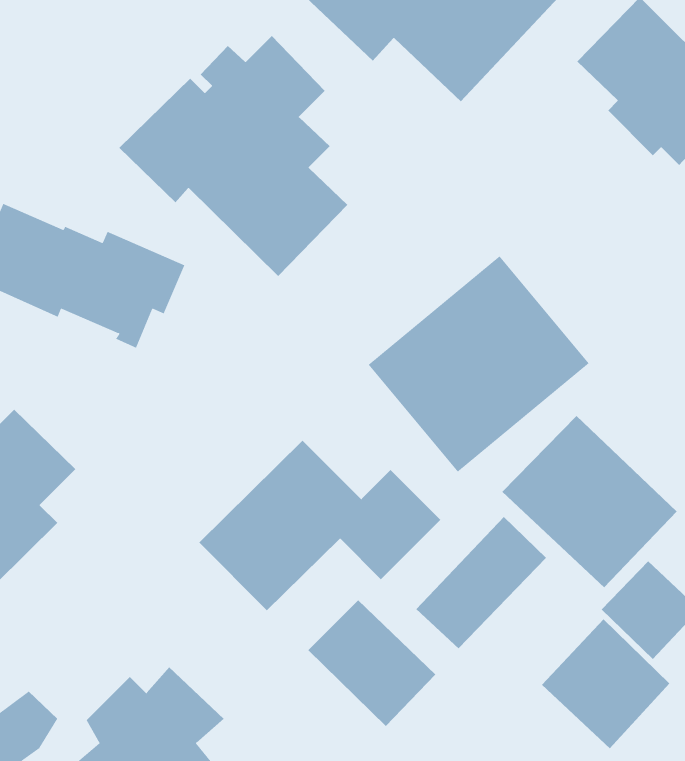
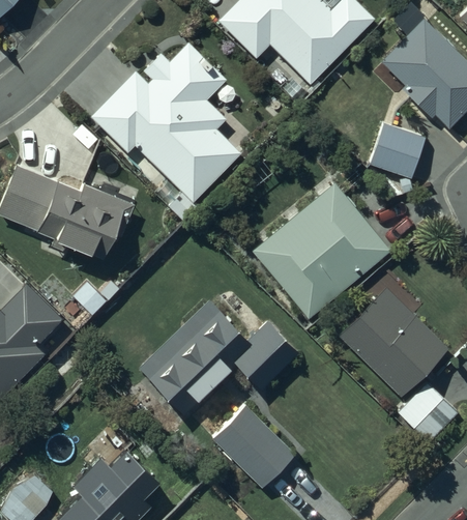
building: none -> [369,125,426,180]
building: [415,516,547,649] -> none
building: [541,619,670,749] -> none

